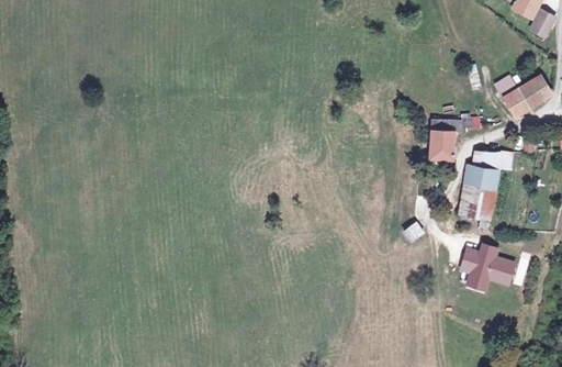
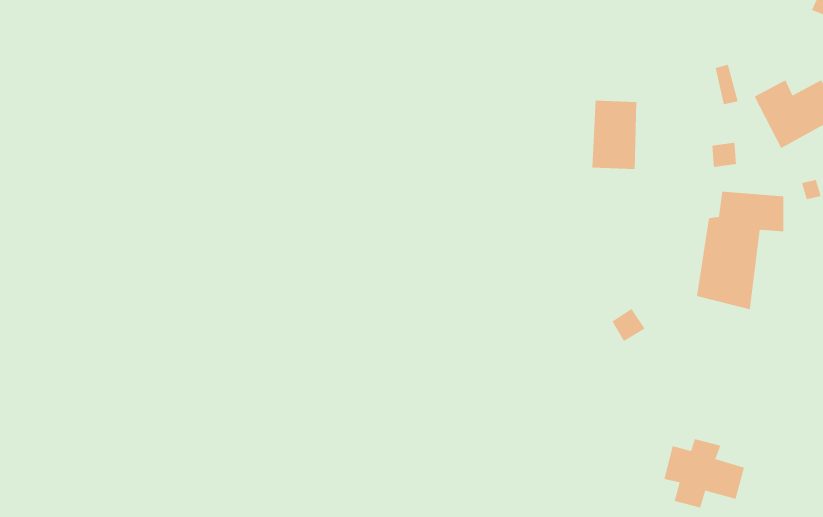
building: [425,118,454,163] -> [591,100,637,169]
building: [464,244,517,289] -> [664,439,745,508]

